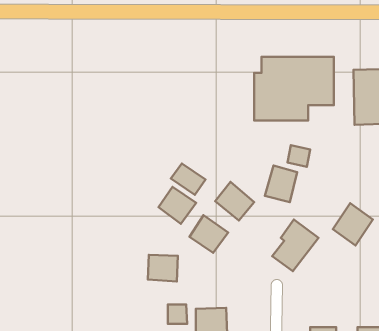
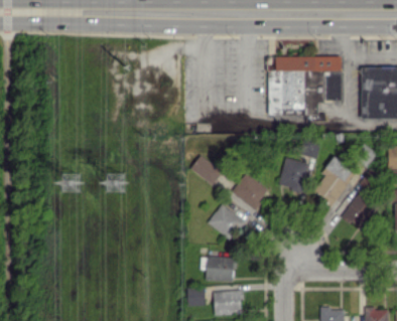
building: [159,187,196,224] -> none
building: [272,219,319,271] -> [313,156,357,204]
building: [148,255,178,282] -> [206,257,234,282]

